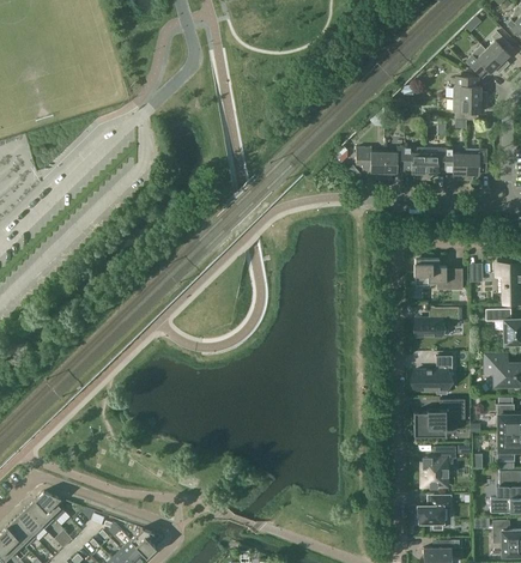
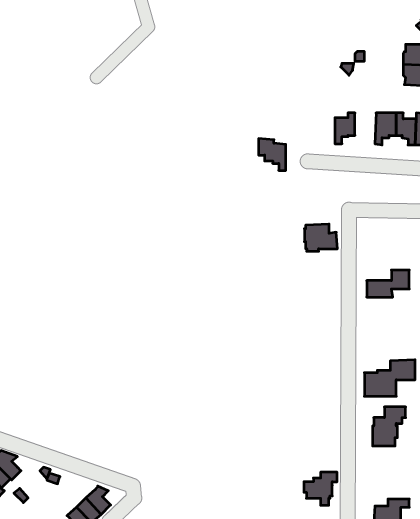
building: [357,147,384,180] -> [259,139,286,170]
building: [405,149,426,180] -> none
building: [414,258,448,285] -> [304,224,337,251]
building: [416,356,453,394] -> none
building: [418,496,452,529] -> [304,472,337,505]

